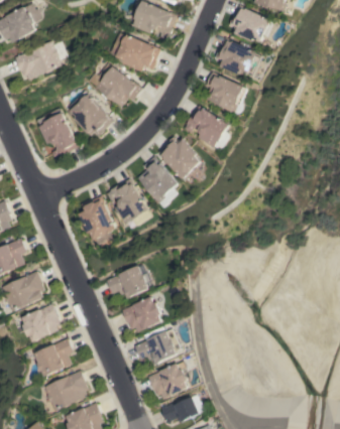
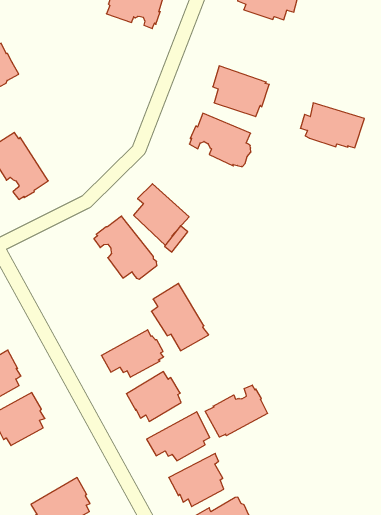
building: [109,32,159,70] -> none
building: [217,39,265,76] -> [300,103,364,148]
building: [88,62,141,107] -> none
building: [67,90,113,136] -> none
building: [158,137,203,178] -> none
building: [80,194,121,245] -> [151,283,209,351]
building: none -> [205,385,268,437]
building: [33,337,73,376] -> none

